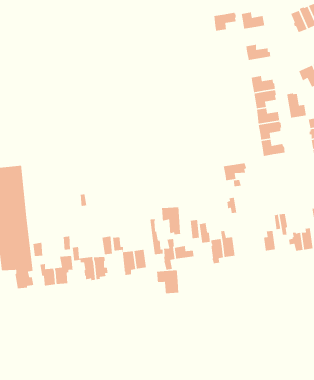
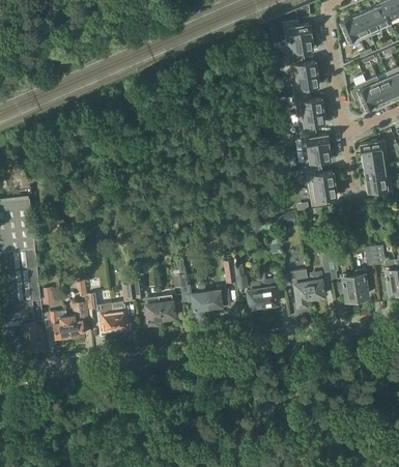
building: [214,12,237,32] -> [286,38,313,61]
building: none -> [291,75,319,97]
building: [286,92,307,118] -> none
building: [223,162,247,181] -> [309,185,337,207]
building: [161,207,181,235] -> none
building: none -> [291,271,311,307]
building: [156,270,179,294] -> none

